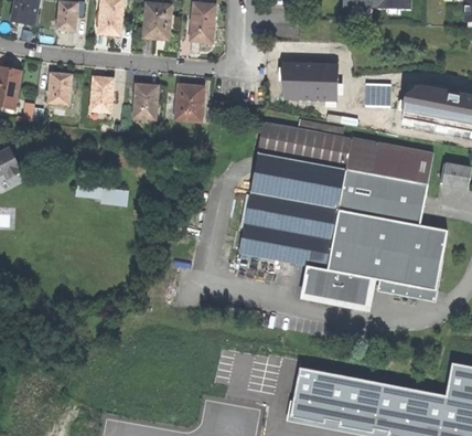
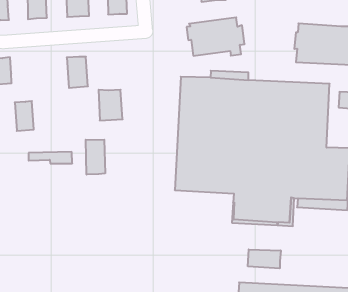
building: [90,76,112,110] -> [15,101,34,131]
building: [363,81,390,106] -> none
building: [174,83,203,120] -> [99,90,123,120]
building: none -> [86,140,105,175]
building: none -> [248,249,281,268]

